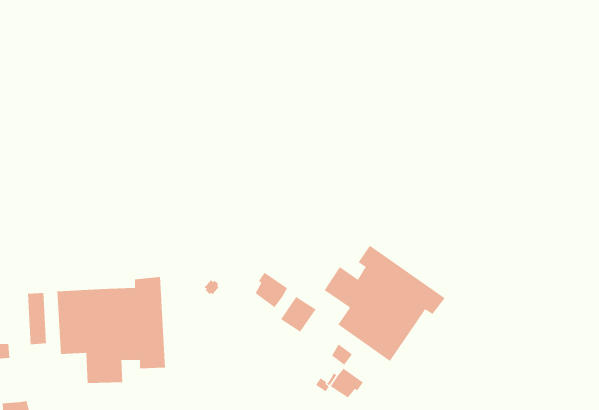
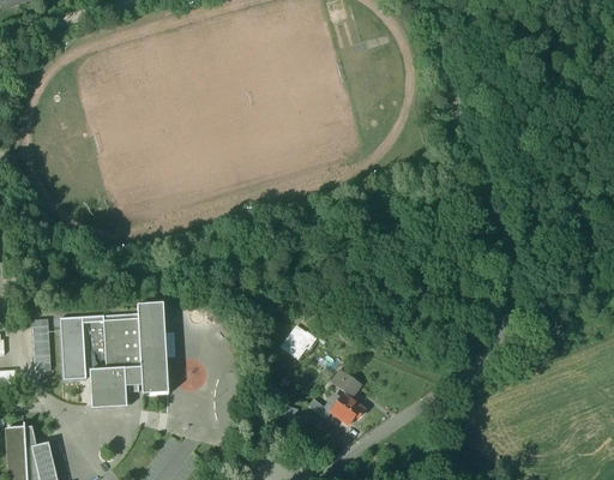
building: [324,245,445,362] -> none
building: [255,272,288,308] -> none

